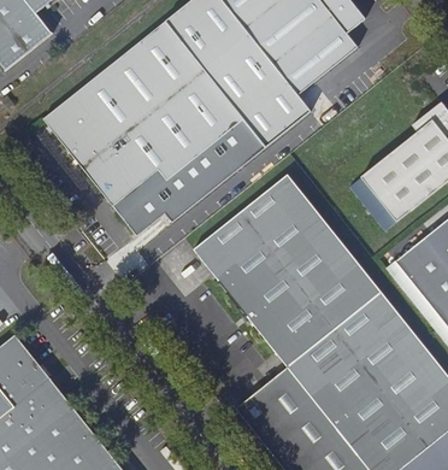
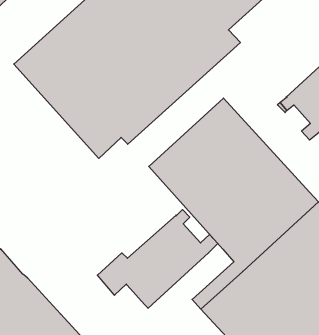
building: none -> [97,210,218,308]

